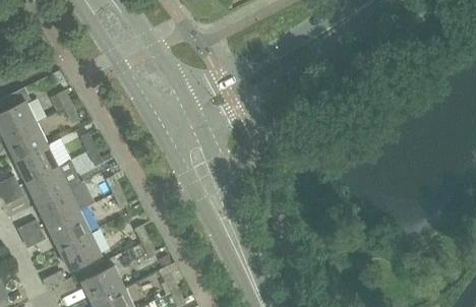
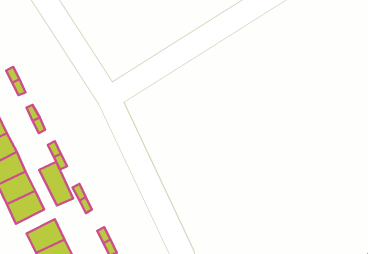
building: none -> [39,162,73,206]

